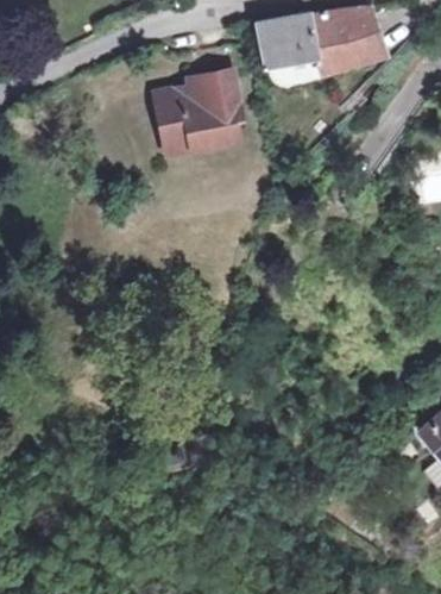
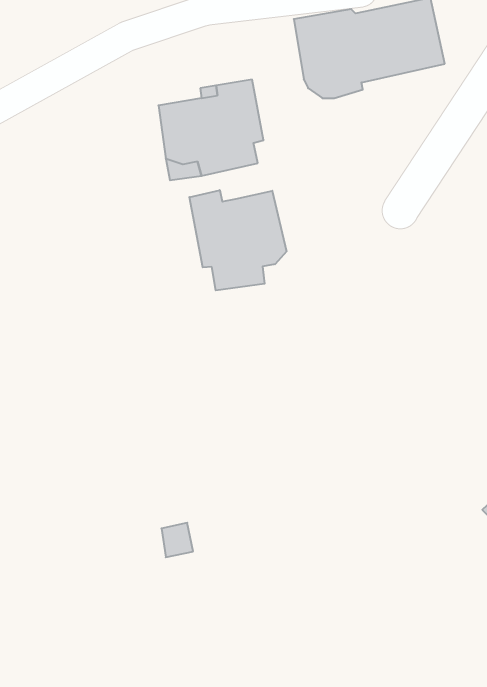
building: none -> [189,190,286,290]

